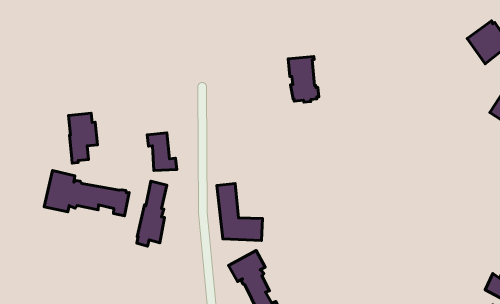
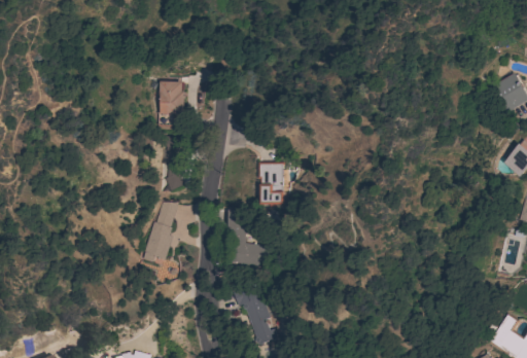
building: [288,57,319,102] -> [259,163,286,207]
building: [69,113,97,163] -> [160,82,186,130]
building: [44,170,129,216] -> none

